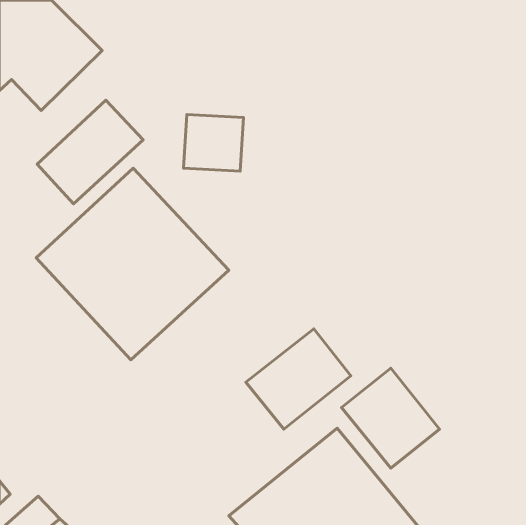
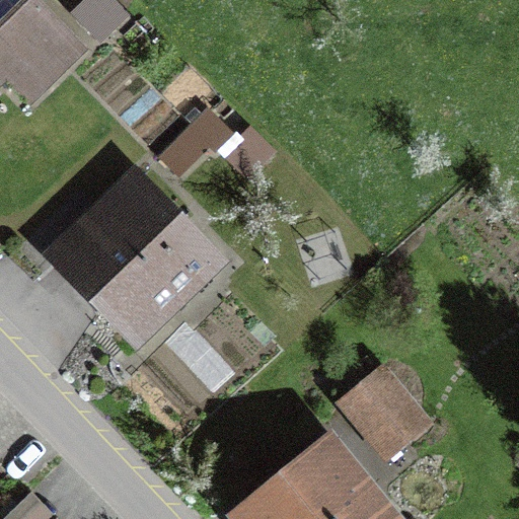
building: [37,100,143,204] -> none
building: [246,329,351,429] -> none

